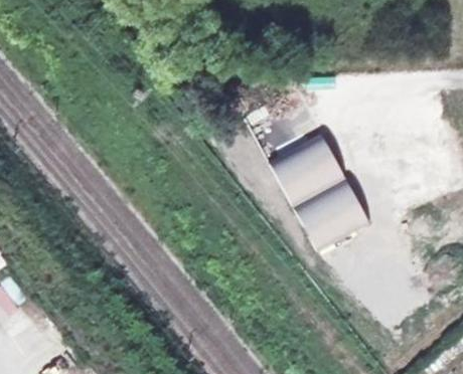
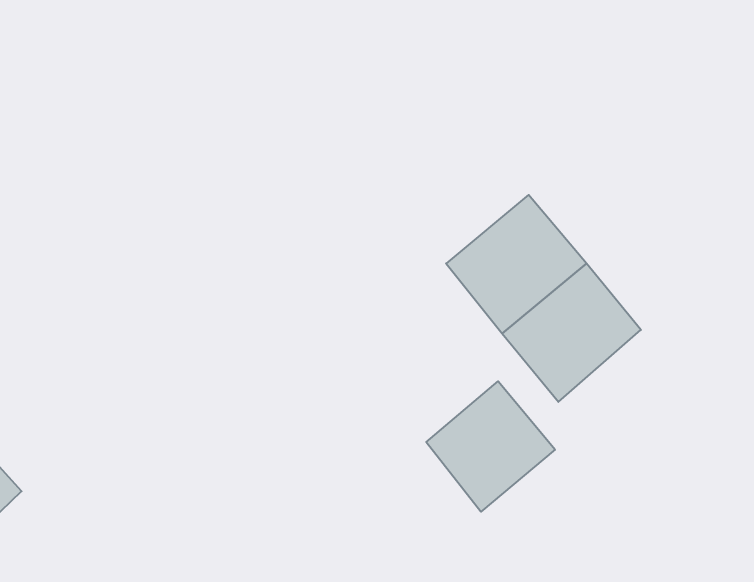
building: none -> [426,381,555,512]

